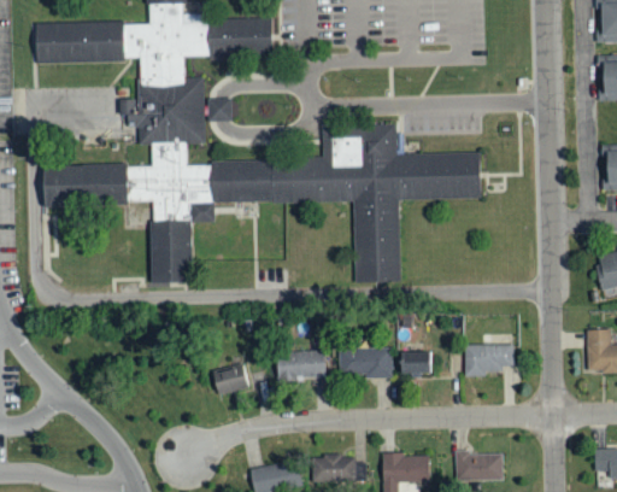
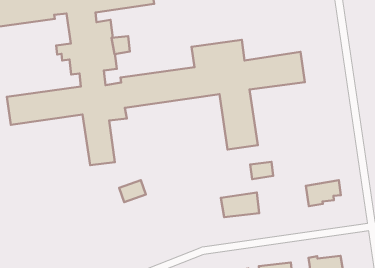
building: [276,352,325,381] -> none
building: [400,353,431,375] -> [250,162,273,179]
building: [212,367,249,396] -> [119,180,146,202]

